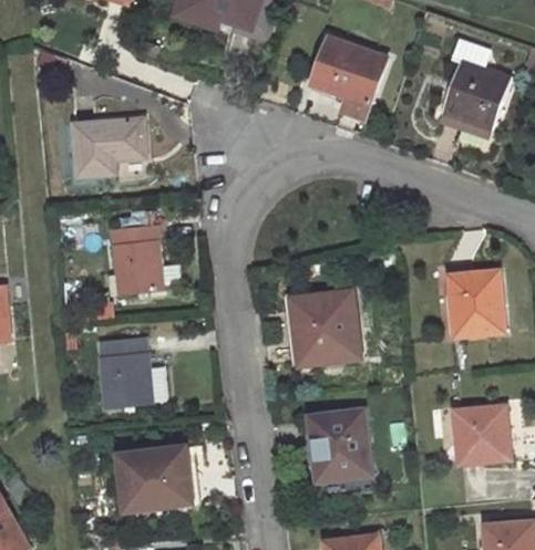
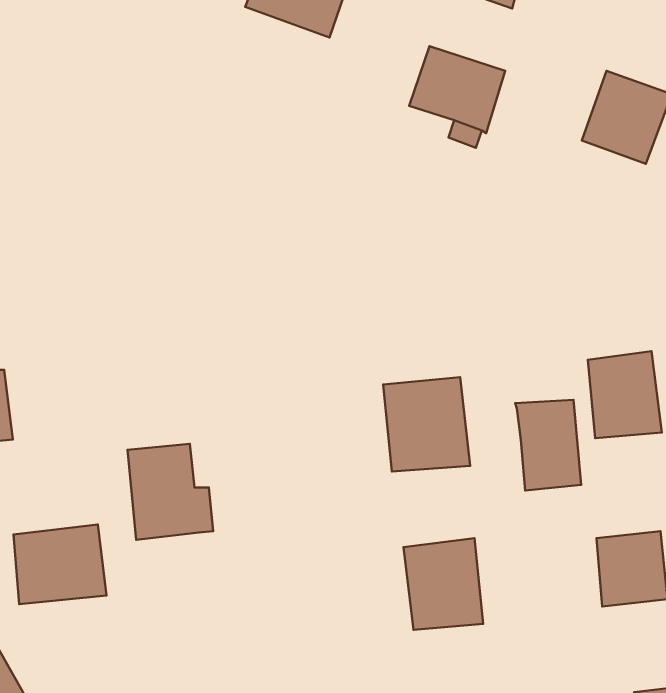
building: [71,120,145,179] -> none
building: [105,228,177,297] -> none
building: none -> [515,400,581,490]
building: [122,448,193,509] -> [13,524,106,604]

